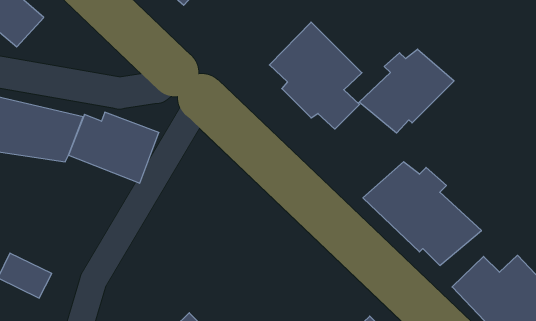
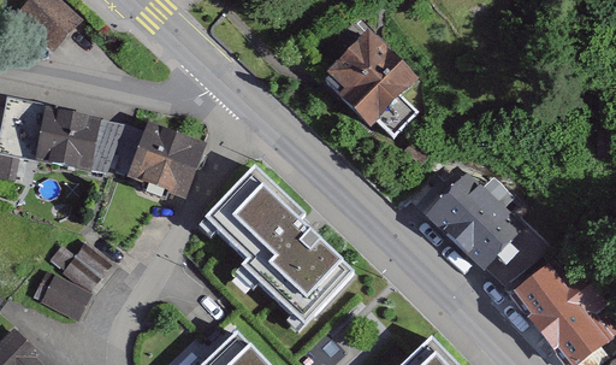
building: [359,49,454,133] -> none
building: none -> [202,166,355,332]
building: none -> [51,230,114,293]

